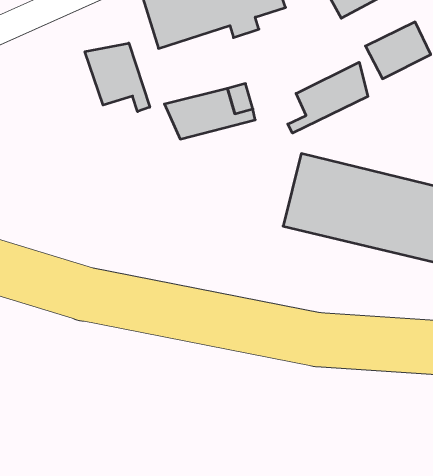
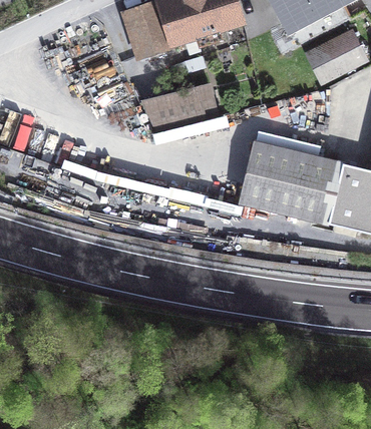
building: [85,43,150,112] -> none
building: [288,62,368,133] -> none

